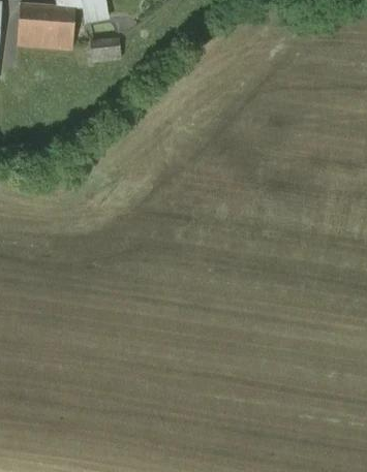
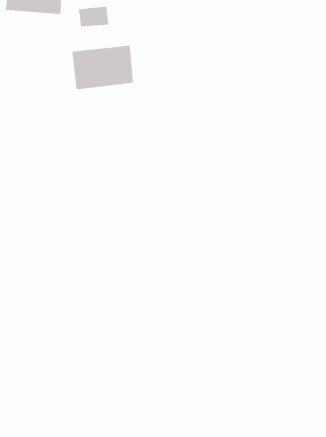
building: none -> [72,45,133,90]

